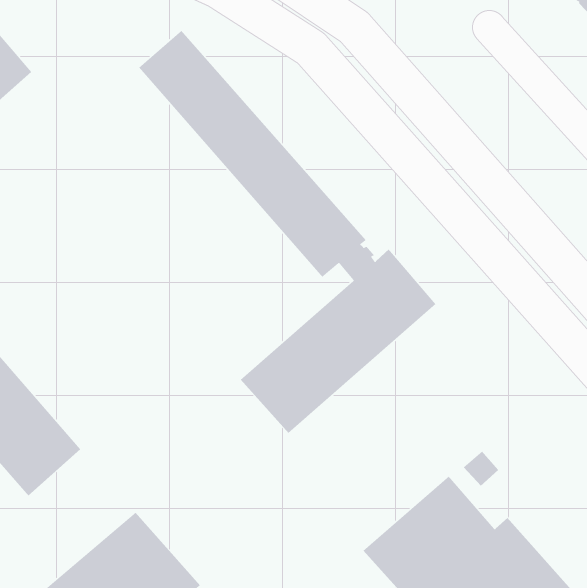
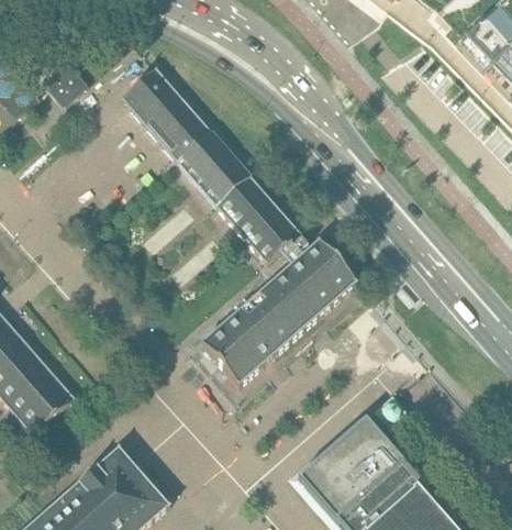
building: none -> [43,63,87,107]

